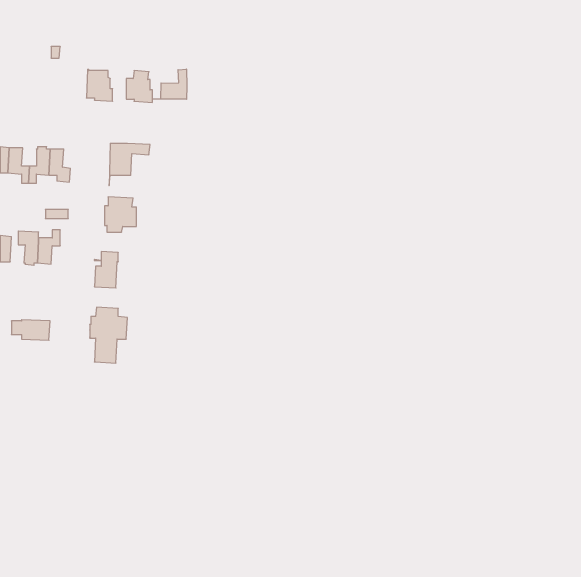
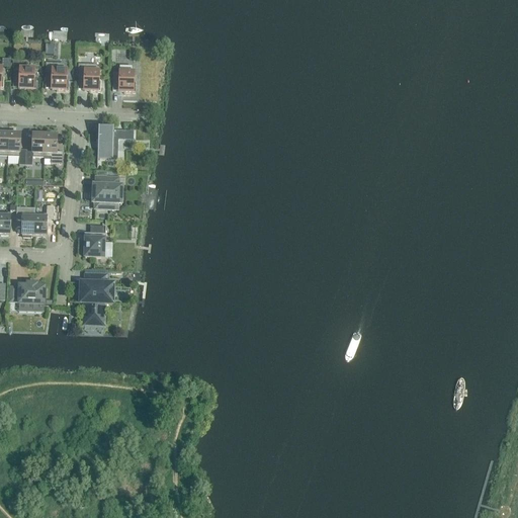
building: none -> [45,61,69,89]
building: [152,69,187,99] -> none
building: none -> [12,67,36,88]

